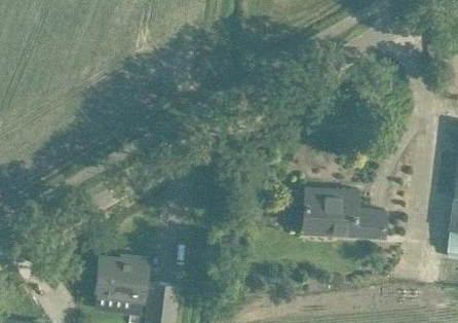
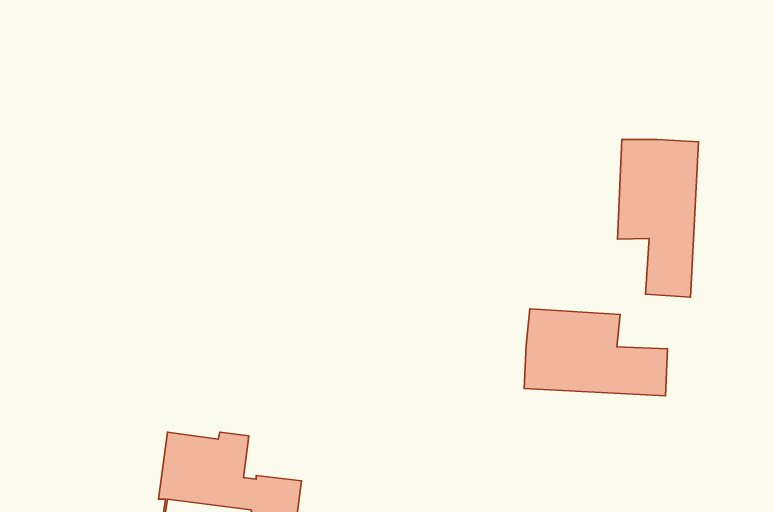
building: none -> [617,139,699,297]

